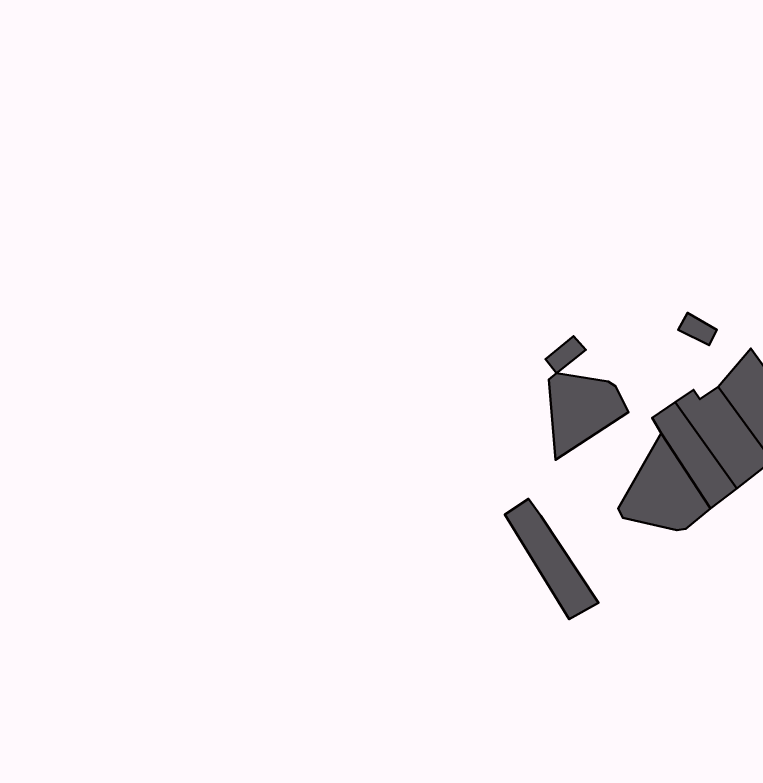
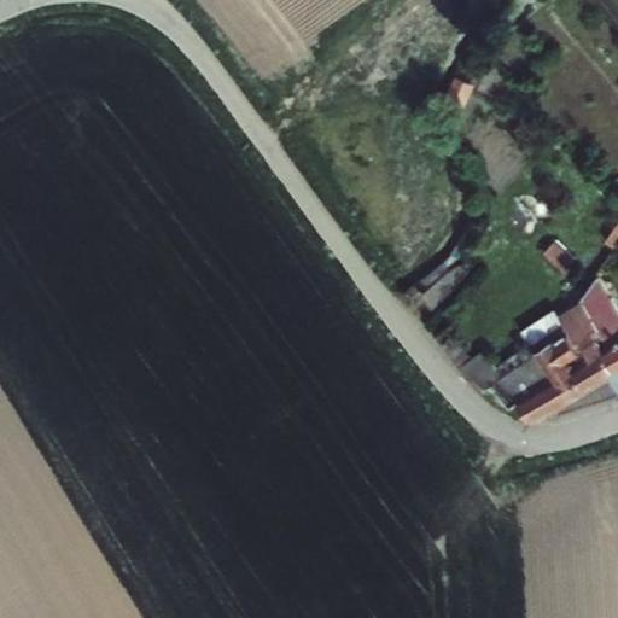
building: [549,373,629,460] -> none
building: [505,499,599,619] -> none

